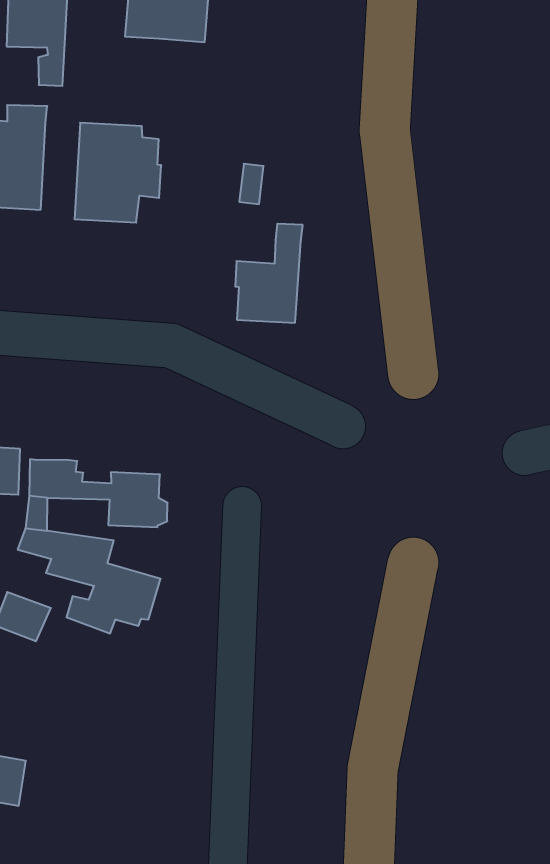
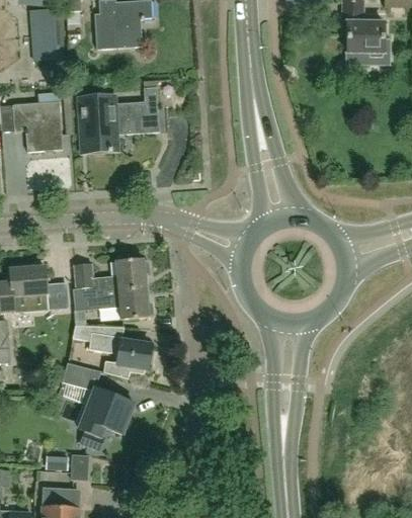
building: [235,224,303,323] -> [122,78,159,135]
building: none -> [73,257,149,296]
building: none -> [79,387,135,449]

